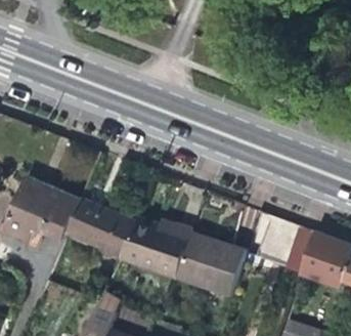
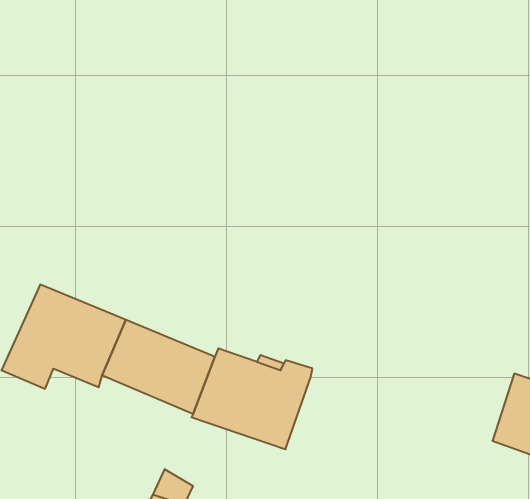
building: [253,213,315,275] -> none
building: [176,234,245,295] -> none

